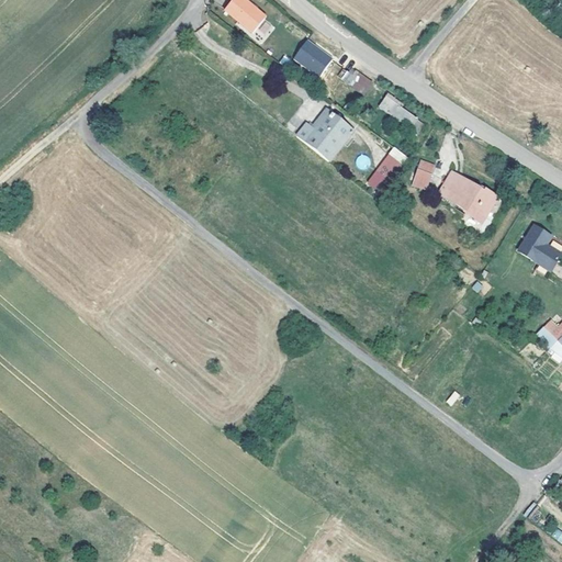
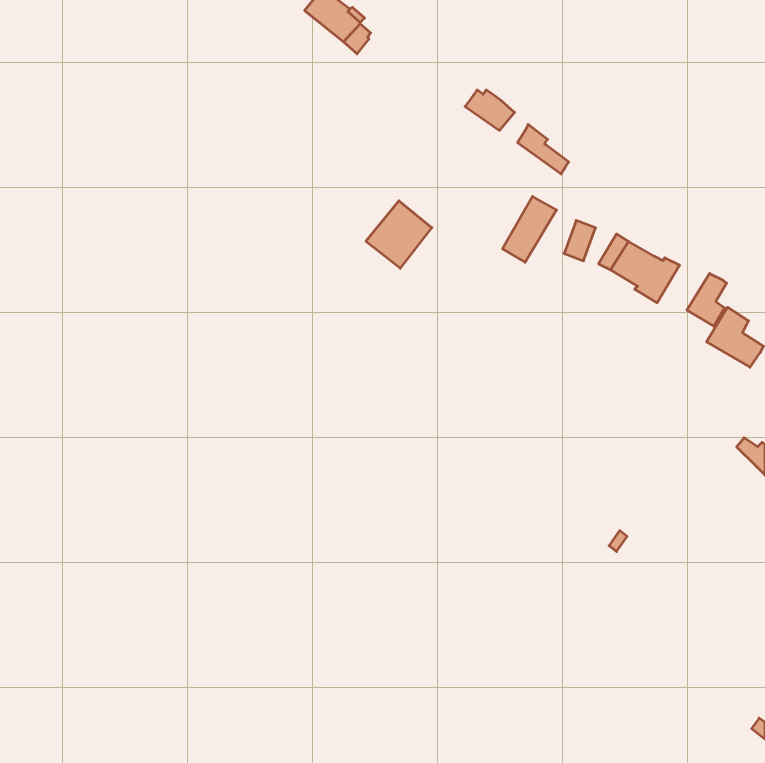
building: [291,36,331,75] -> none
building: [303,111,351,160] -> [366,201,432,268]
building: none -> [687,273,727,326]

